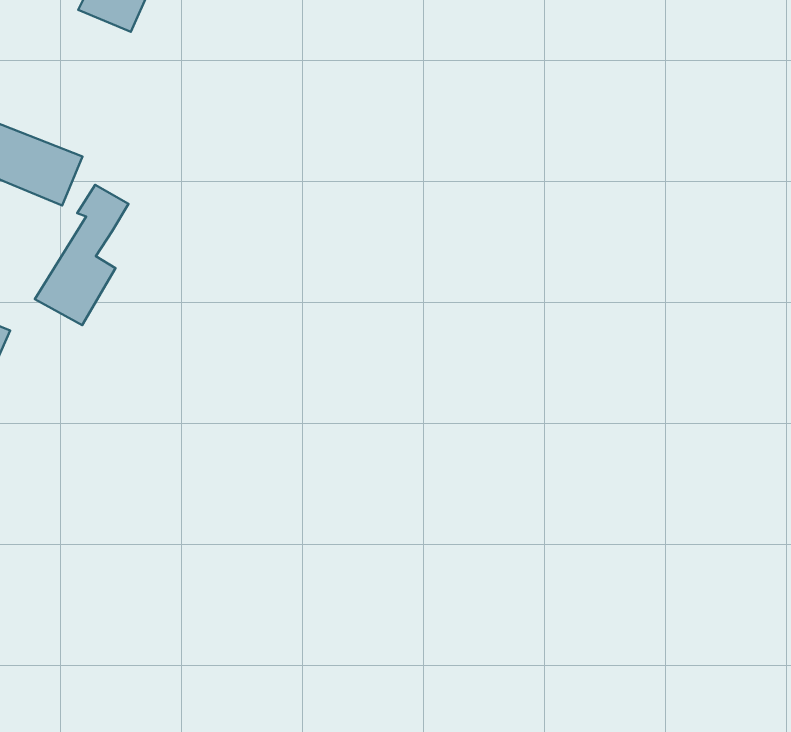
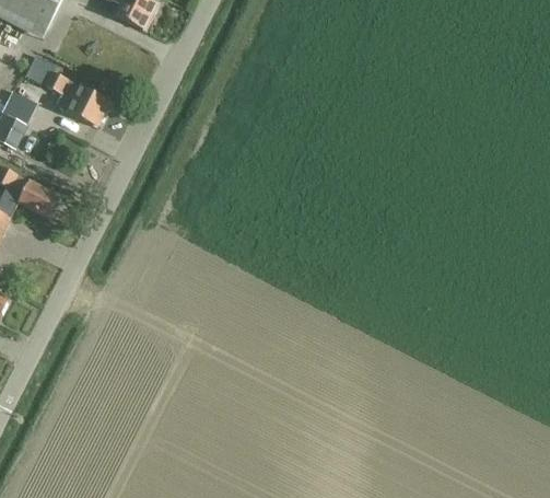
building: [35,185,129,325] -> none

